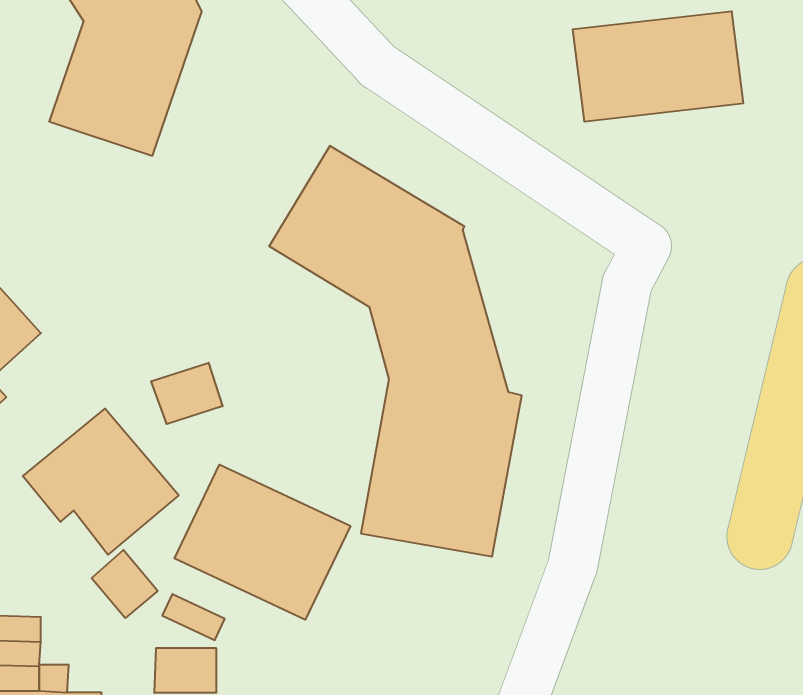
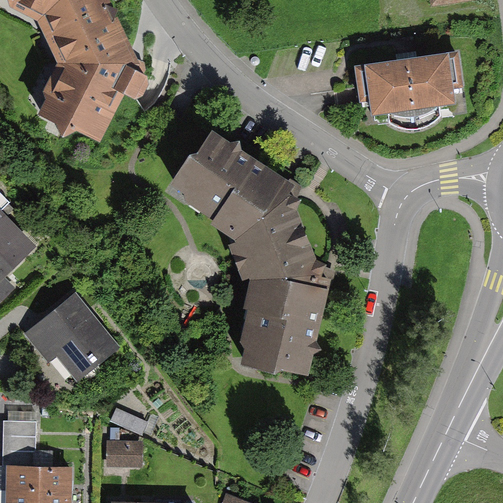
building: [151,363,223,424] -> none
building: [174,465,350,620] -> none
building: [92,550,158,618] -> none

